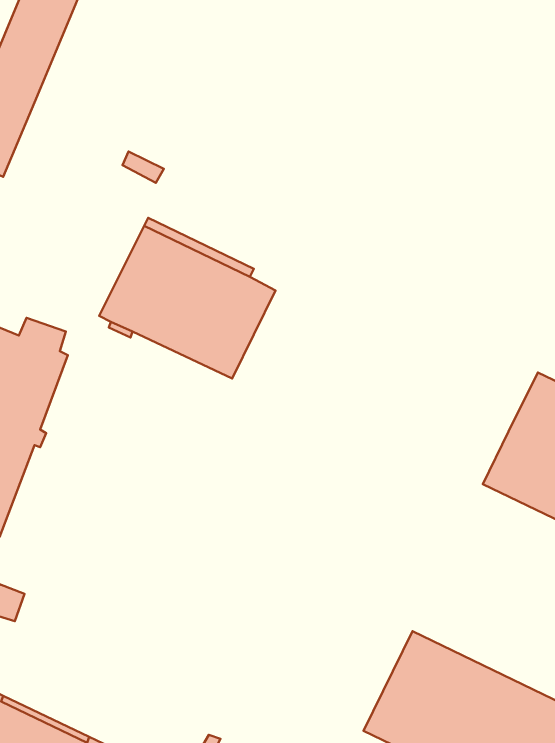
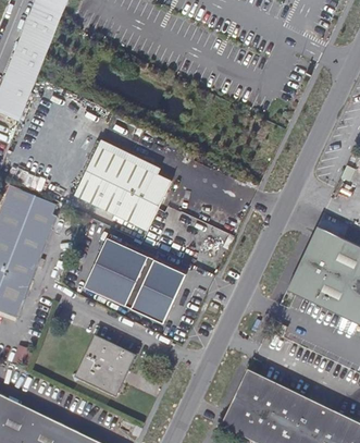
building: none -> [83,236,185,323]
building: none -> [74,339,132,396]

